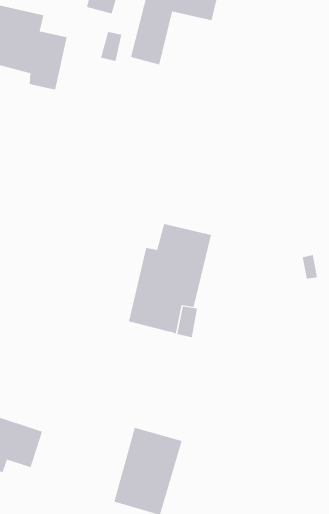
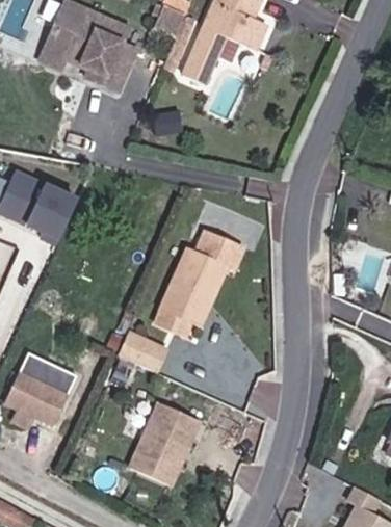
building: none -> [152,306,197,343]
building: none -> [112,333,155,369]

